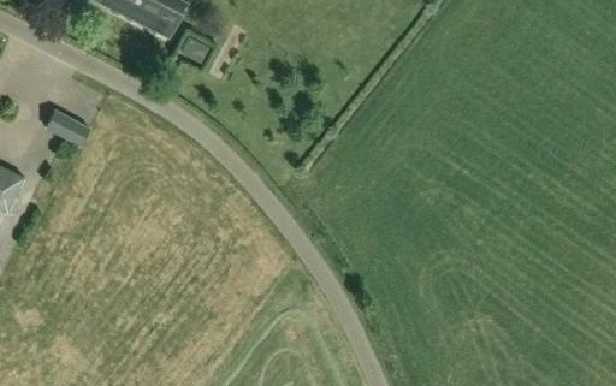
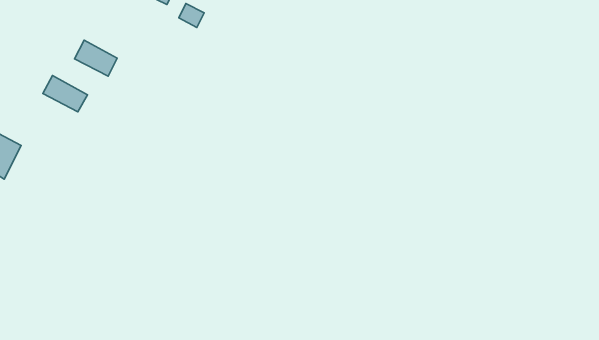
building: none -> [74,40,117,76]

